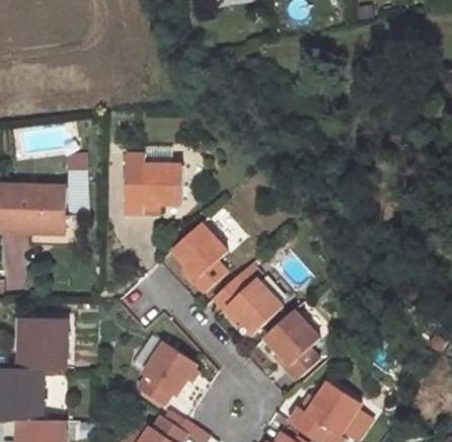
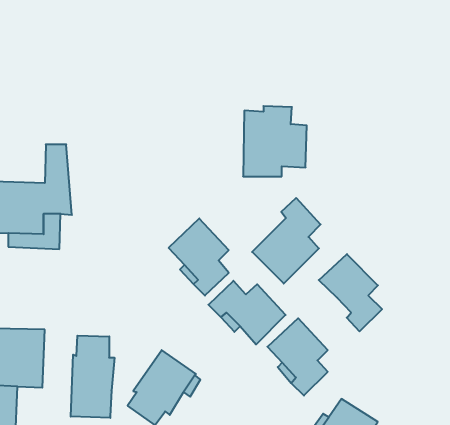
building: [127,148,183,211] -> [243,106,307,176]
building: none -> [252,198,321,284]
building: none -> [319,254,382,331]
building: none -> [71,336,114,418]

